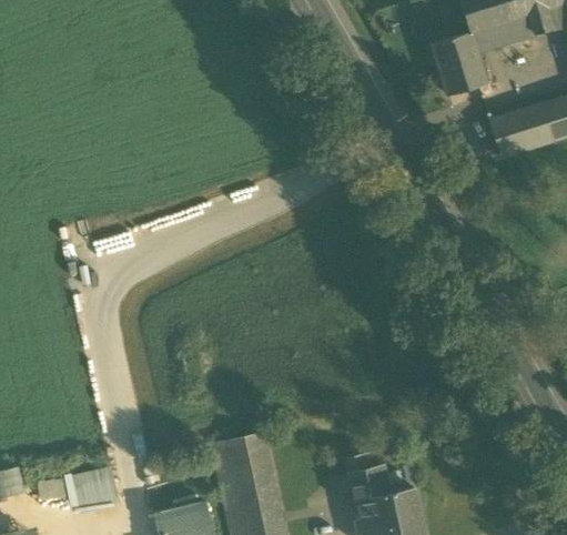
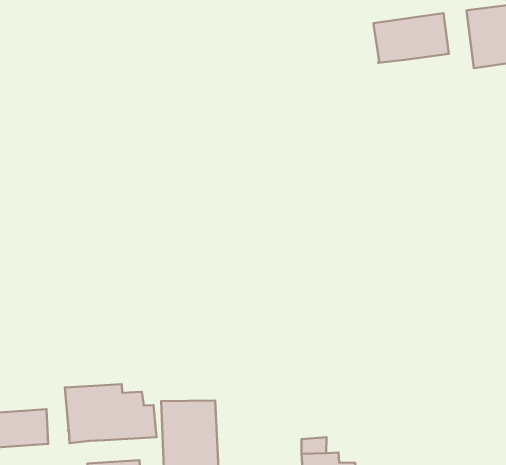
building: none -> [373,13,449,63]
building: none -> [65,384,157,443]

